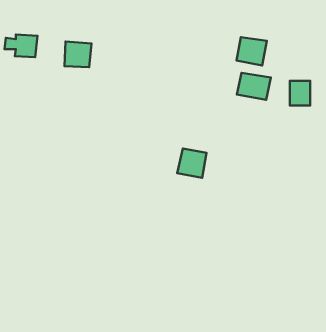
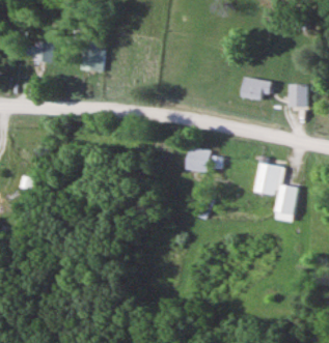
building: [237,37,267,65] -> none
building: none -> [254,160,297,222]

